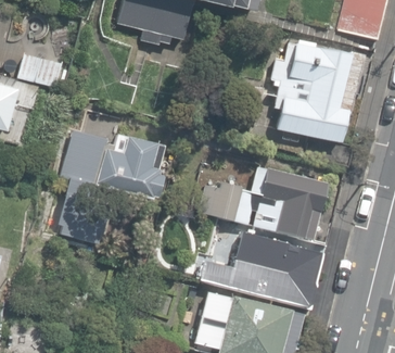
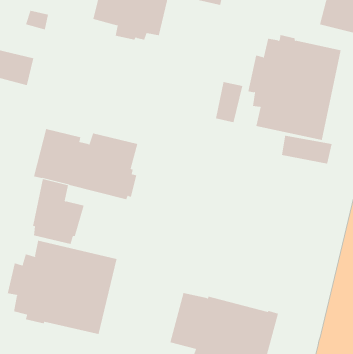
building: [200,167,332,243] -> none
building: [200,229,319,307] -> none
building: none -> [7,240,117,335]

